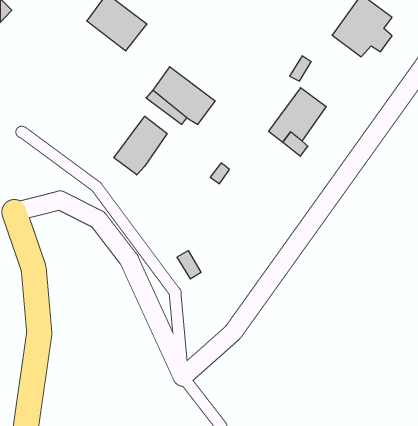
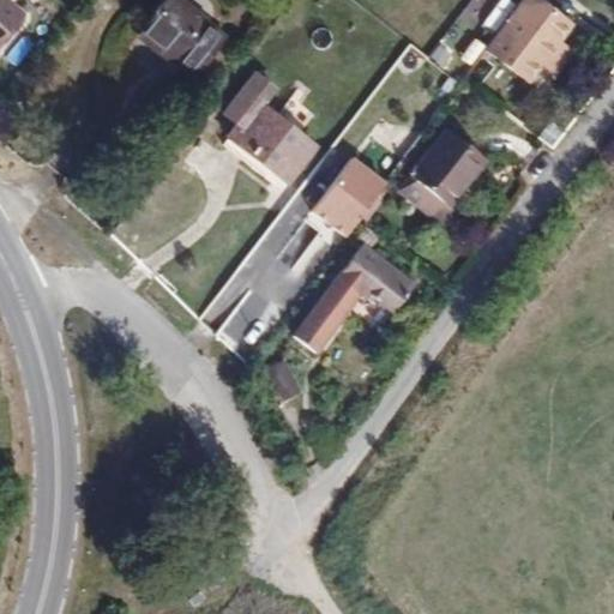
building: none -> [315,155,390,235]
building: [114,116,167,175] -> none
building: none -> [293,243,414,351]

